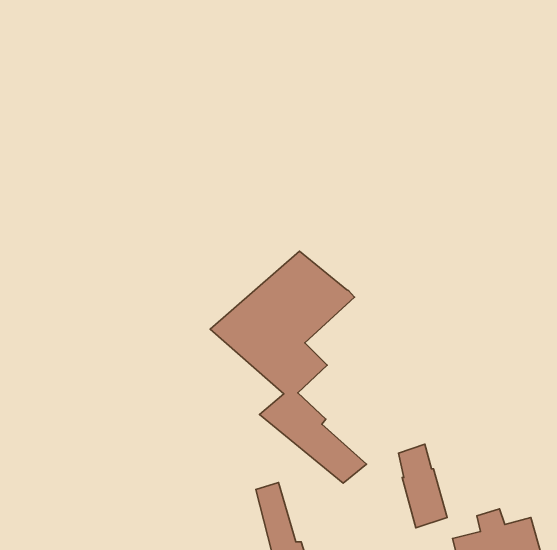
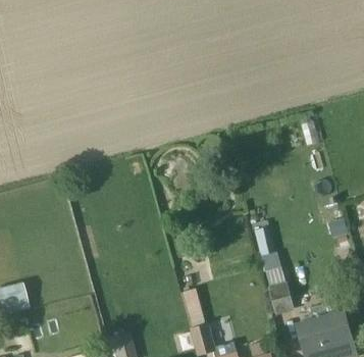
building: [210,251,366,483] -> none

